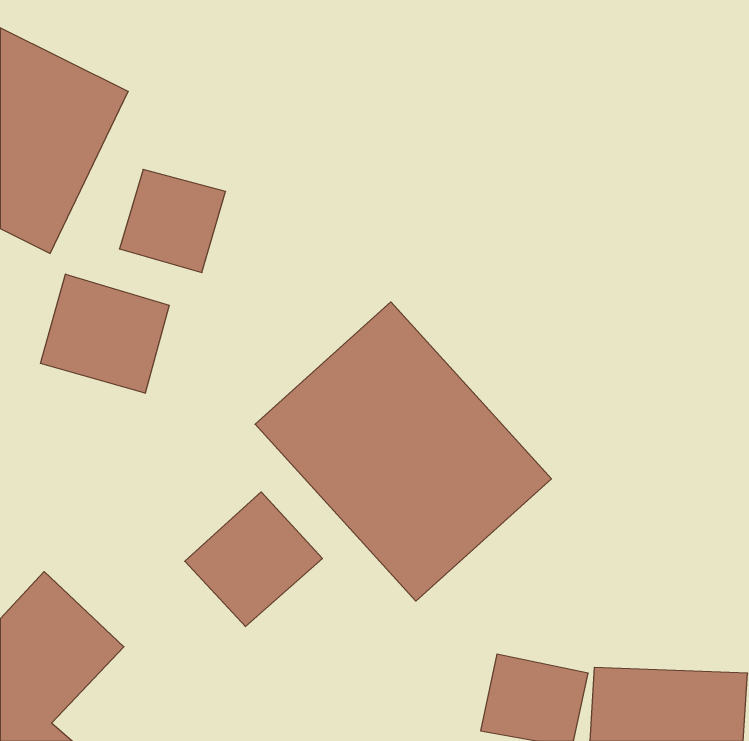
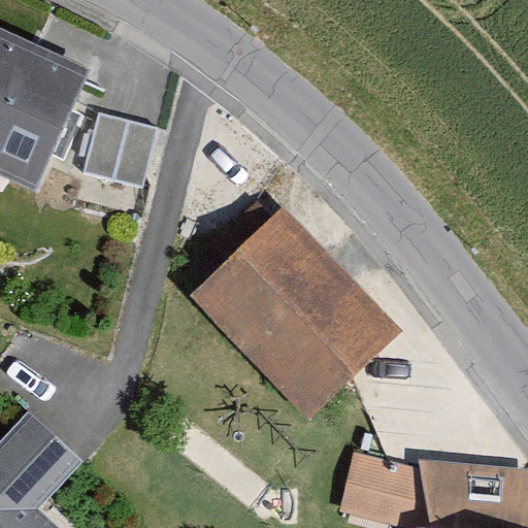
building: [41,274,169,393] -> none
building: [185,492,322,627] -> none

